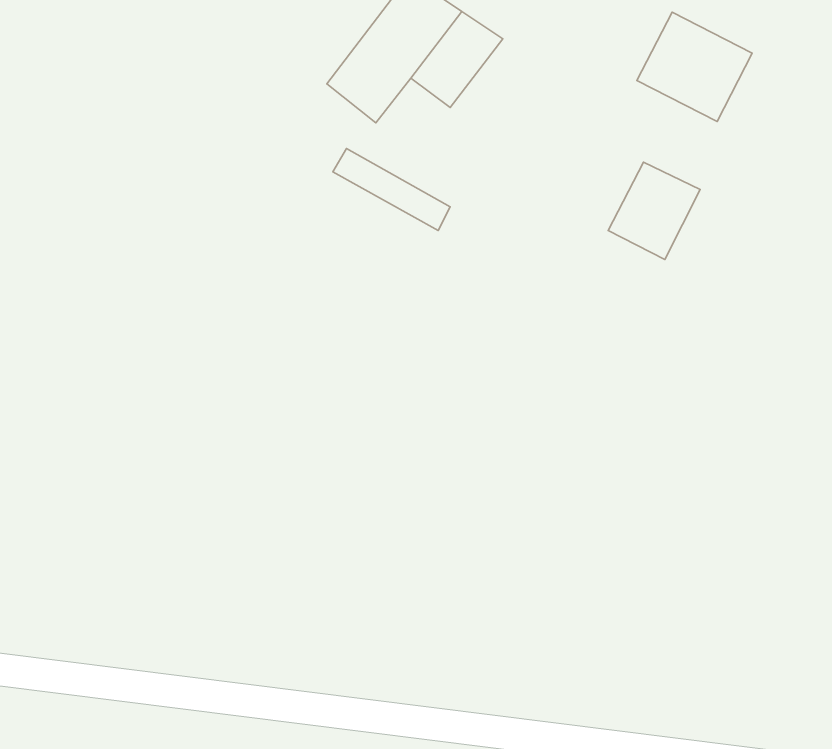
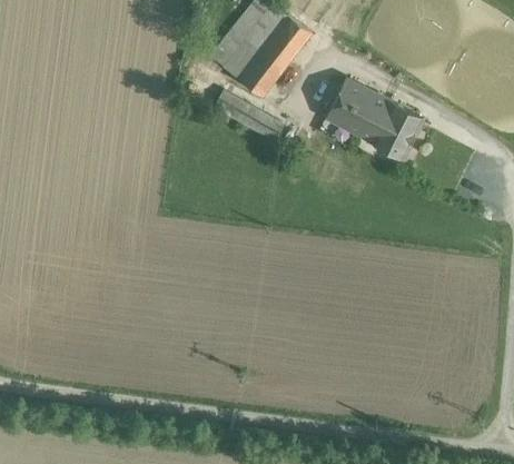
building: [637,12,752,121] -> [326,79,392,141]
building: none -> [239,55,281,97]

